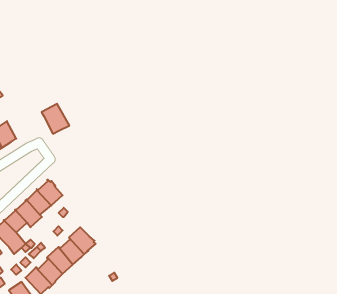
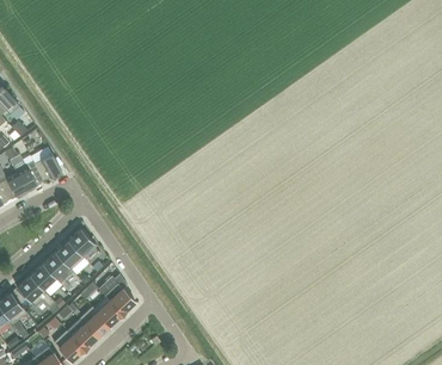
building: [42,104,69,134] -> [30,147,62,181]

